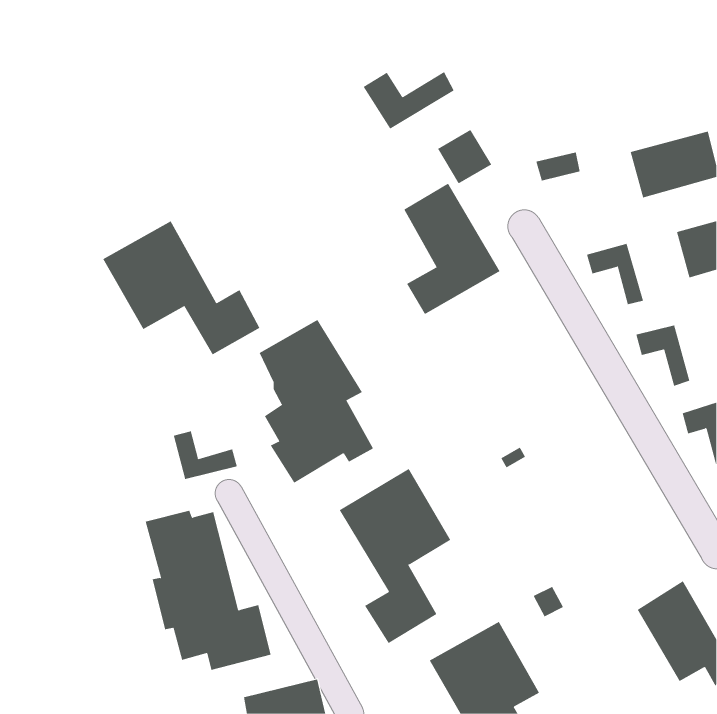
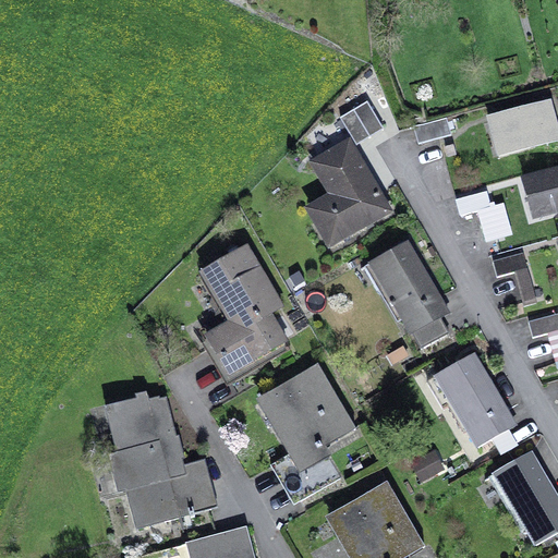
building: [363,71,455,130] -> none
building: [102,221,260,355] -> none
building: none -> [369,241,440,348]
building: [173,431,238,480] -> none
building: none -> [436,354,507,447]

